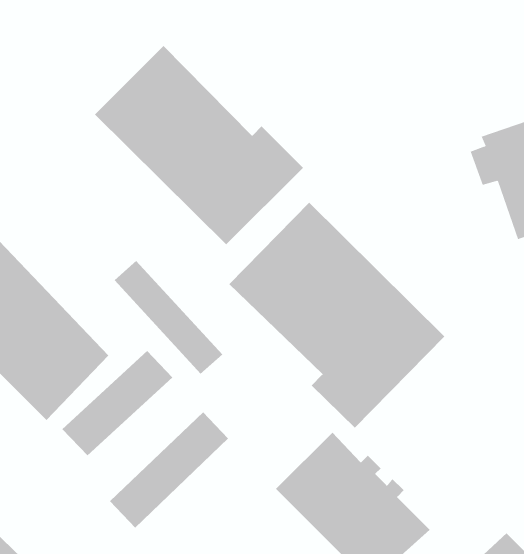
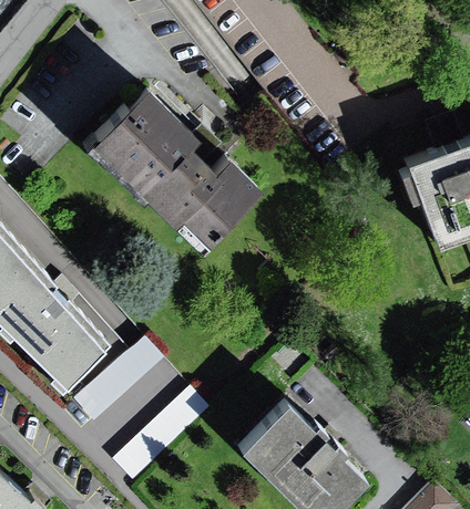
building: [228,202,445,429] -> none
building: [114,260,223,374] -> none

